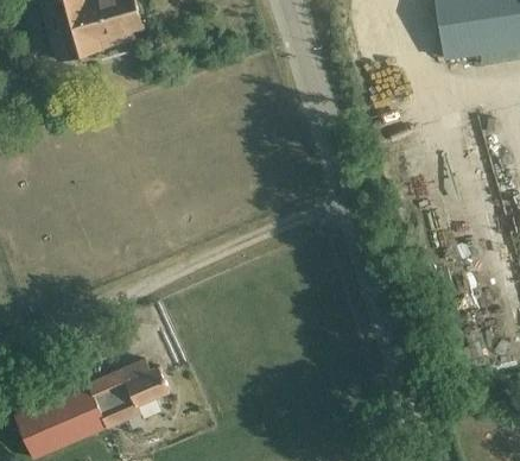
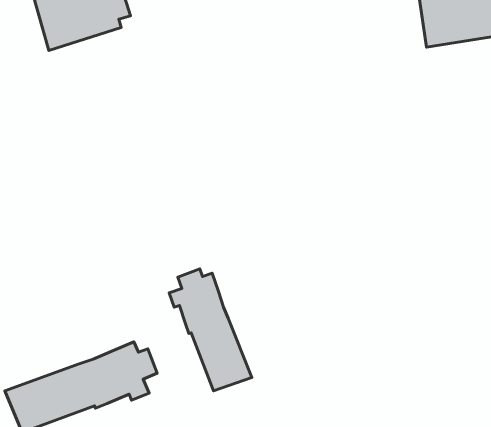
building: none -> [169,269,252,391]

